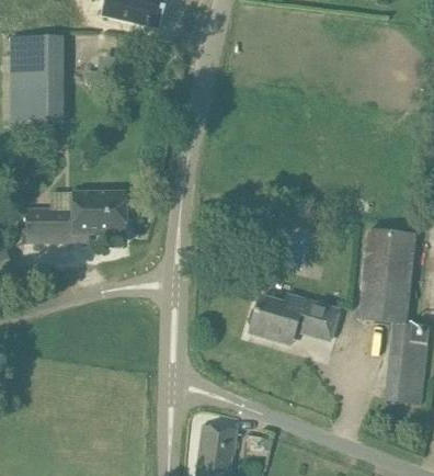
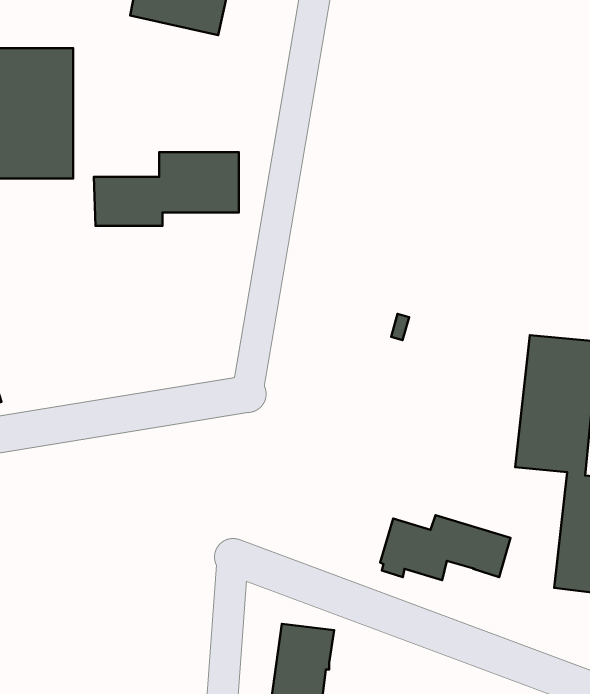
building: [27,193,125,242] -> [94,152,239,226]
building: [250,295,338,339] -> [380,515,511,580]

